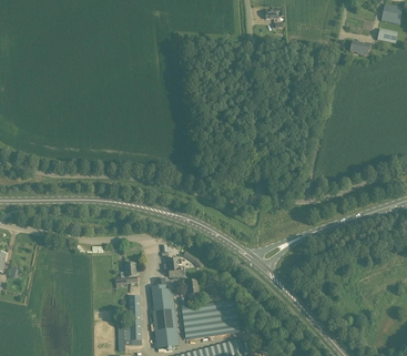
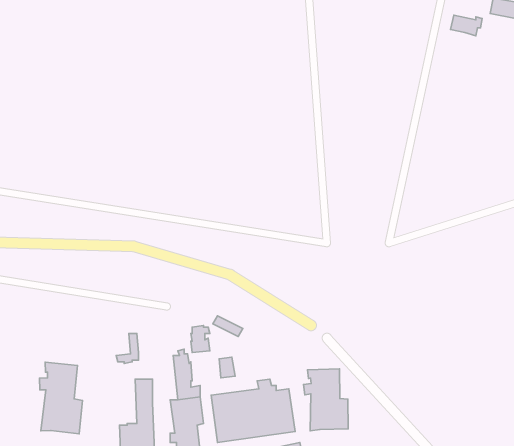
building: none -> [39,362,82,434]
building: none -> [303,369,348,431]

